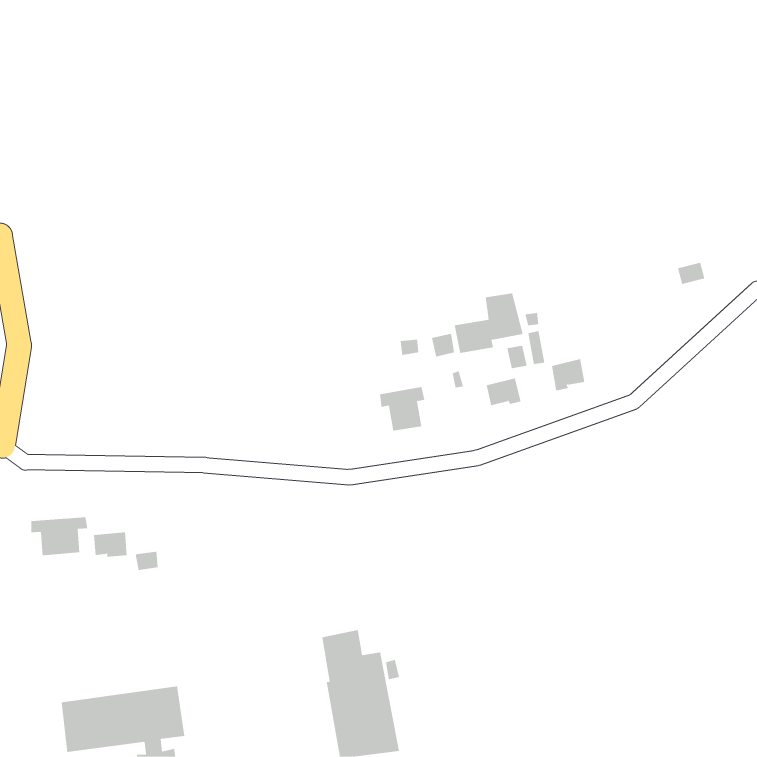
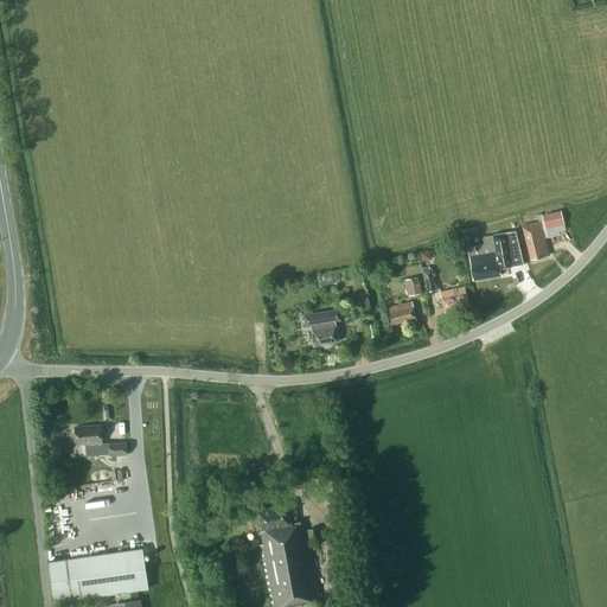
building: none -> [522,222,548,260]
building: [454,293,523,353] -> [468,231,524,280]
building: [31,517,88,556] -> none

